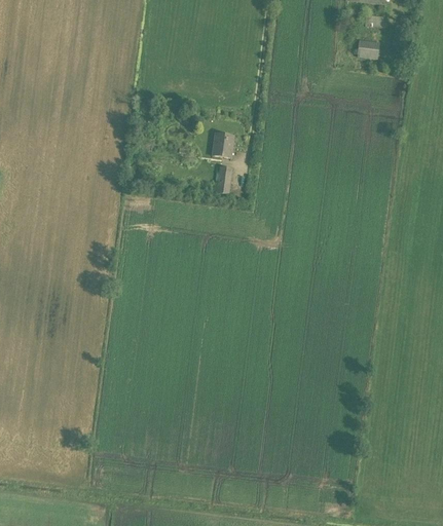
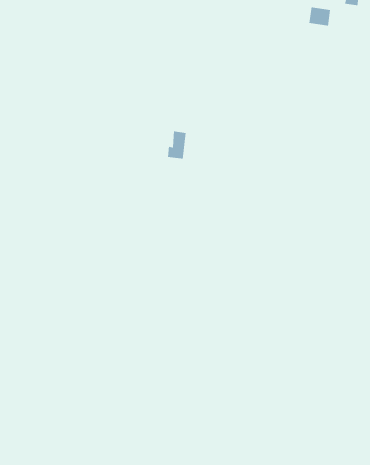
building: [211,133,233,157] -> none

